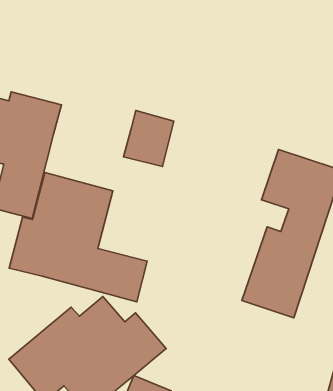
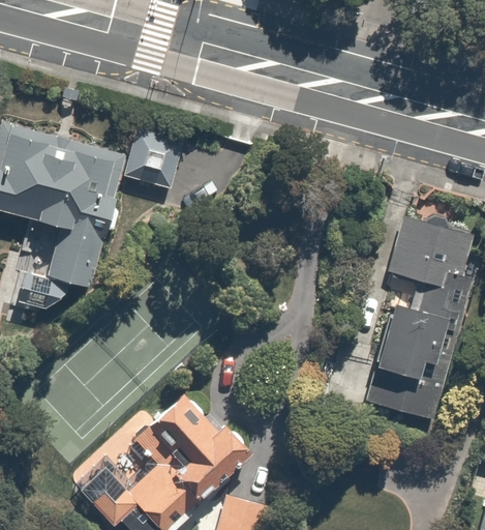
building: [124,111,174,167] -> [119,129,183,201]
building: [9,173,147,302] -> none

